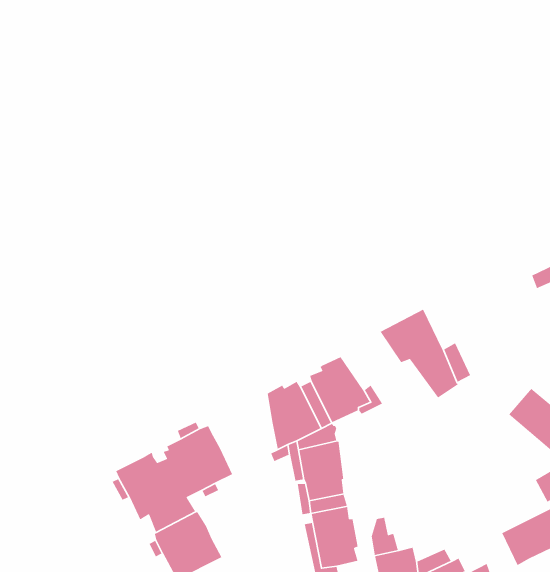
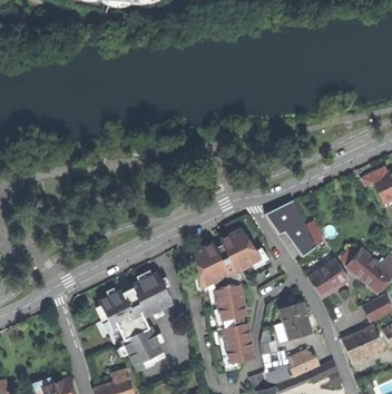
building: none -> [308,259,349,297]
building: none -> [277,302,312,342]

